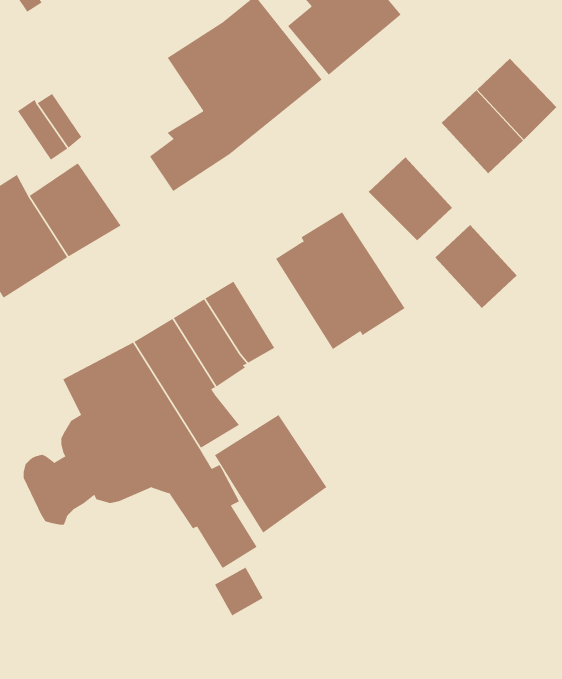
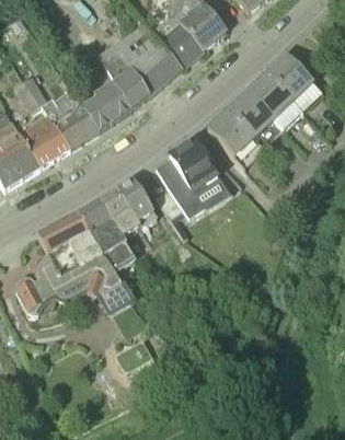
building: none -> [47,94,100,148]
building: [435,224,517,309] -> [229,91,275,138]
building: [214,414,327,533] -> none

